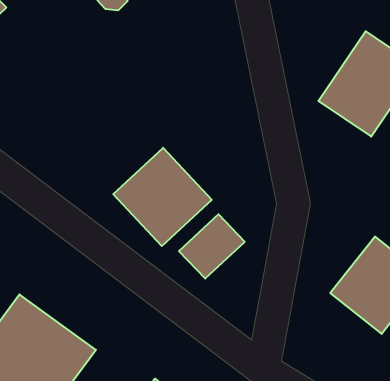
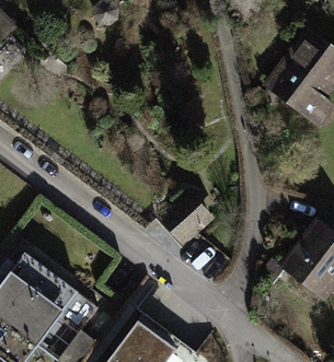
building: [113,148,212,246] -> none

